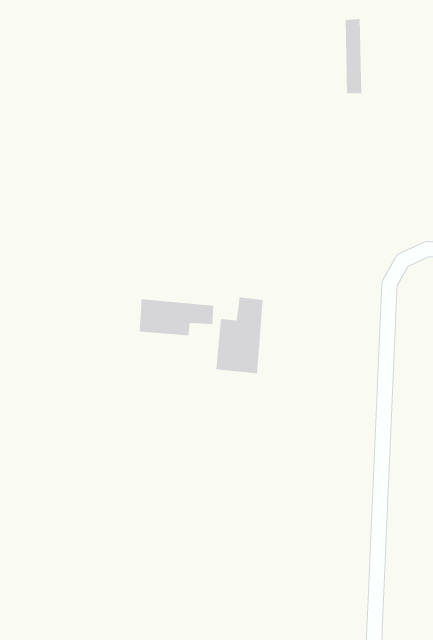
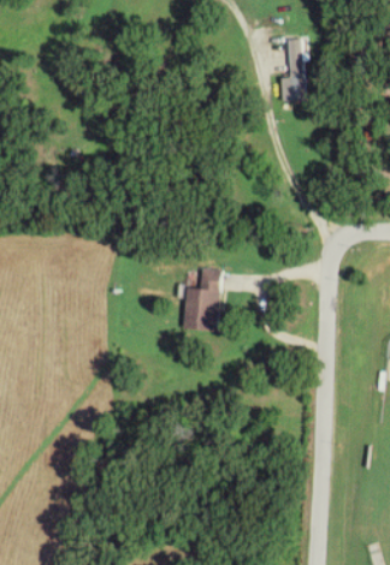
building: [139,298,214,336] -> none

